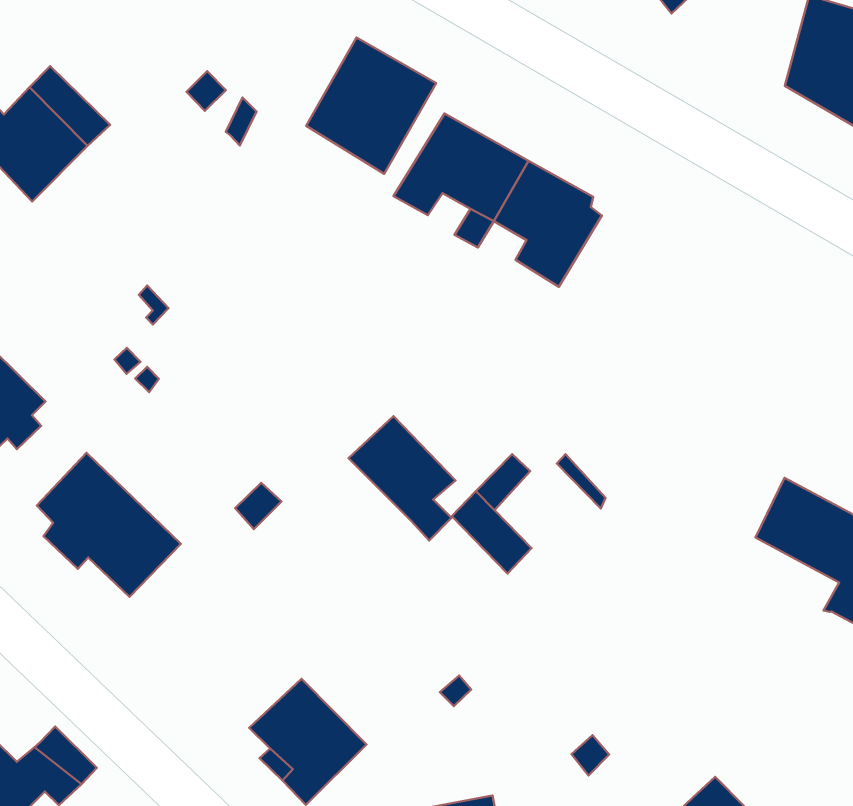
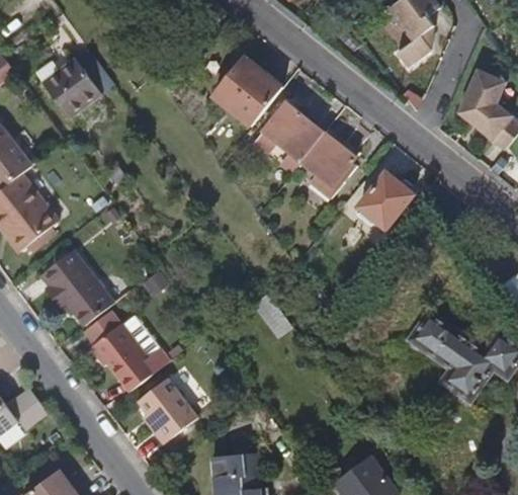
building: none -> [359,173,413,230]
building: [349,416,456,541] -> none
building: none -> [95,324,169,390]

